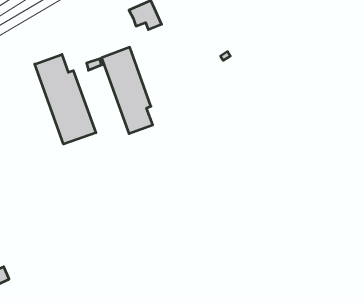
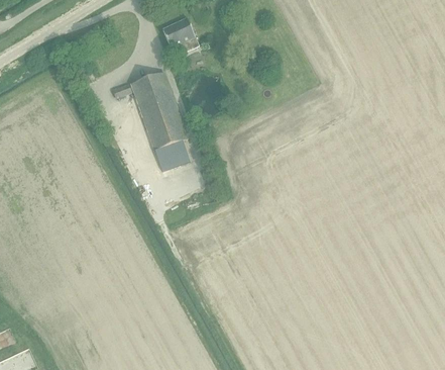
building: [35,54,96,144] -> none

